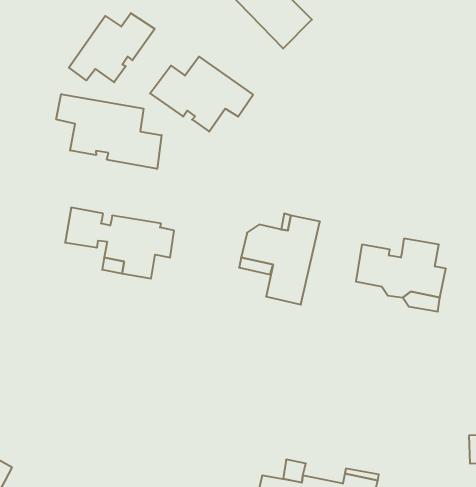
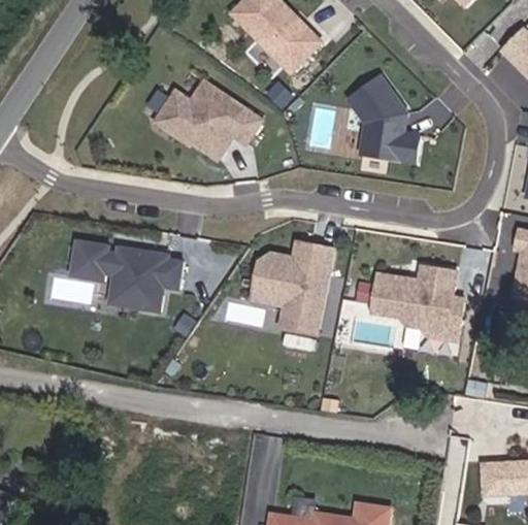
building: [69,13,155,82] -> none
building: none -> [349,76,420,165]
building: [56,94,162,169] -> none

